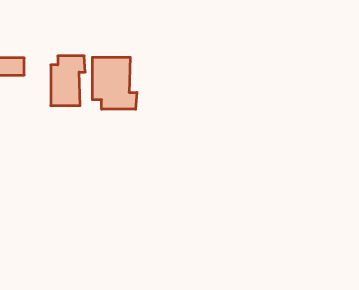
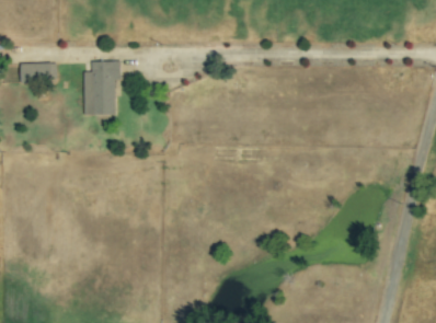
building: [92,57,137,109] -> none

